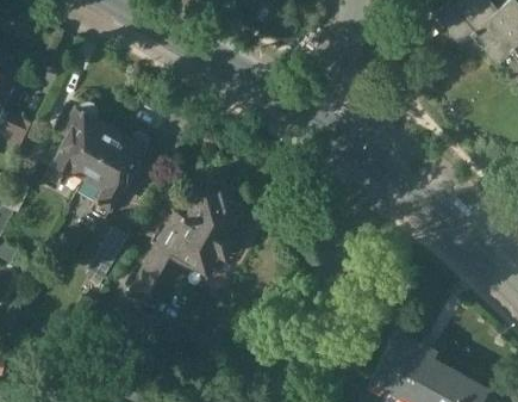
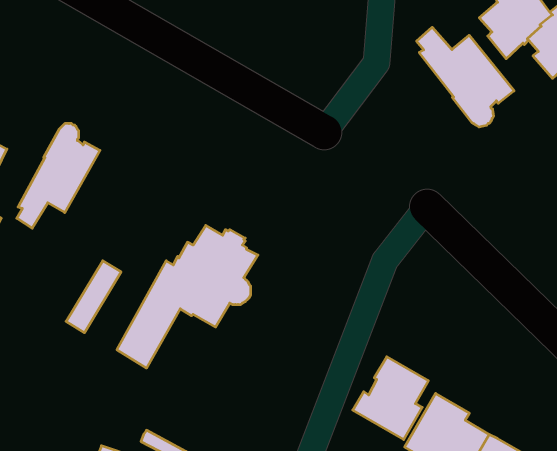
building: none -> [417,27,514,127]
building: [83,129,148,221] -> none
building: none -> [353,357,428,440]

